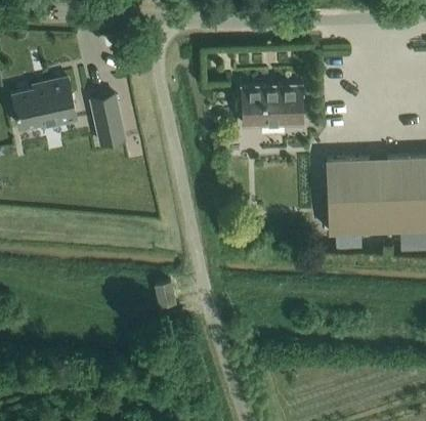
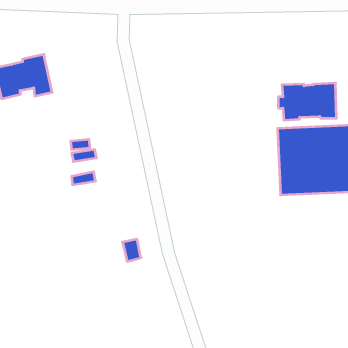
building: [238,88,302,129] -> [278,83,336,120]
building: [91,97,125,146] -> none

